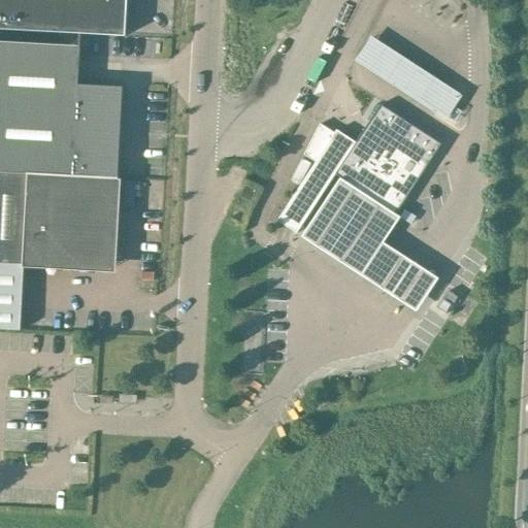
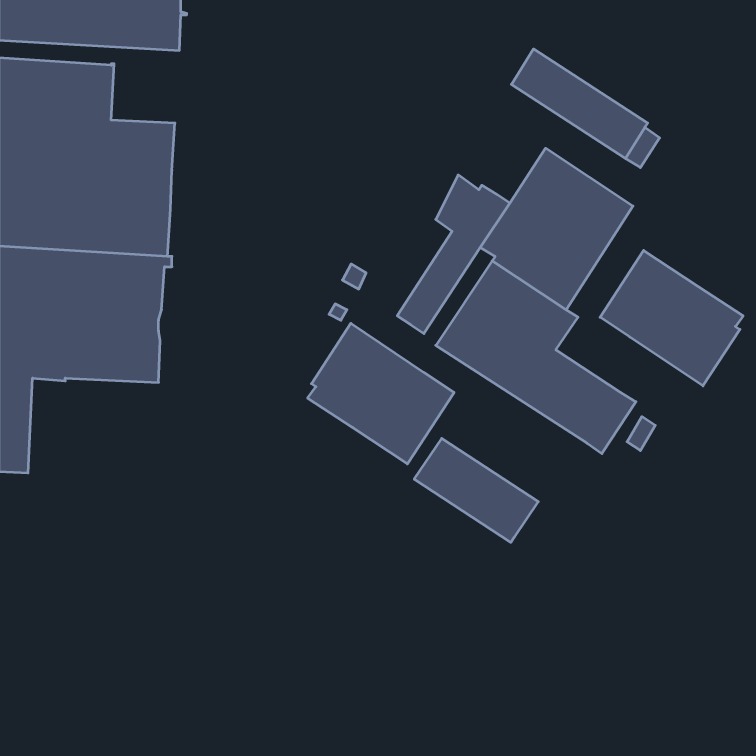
building: none -> [600,250,743,386]
building: none -> [308,323,454,464]
building: none -> [414,438,538,542]

